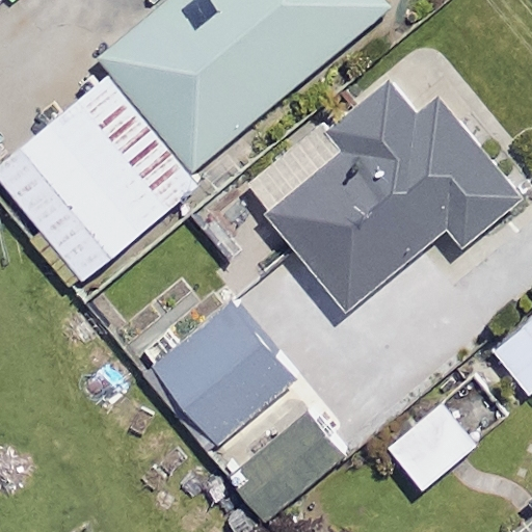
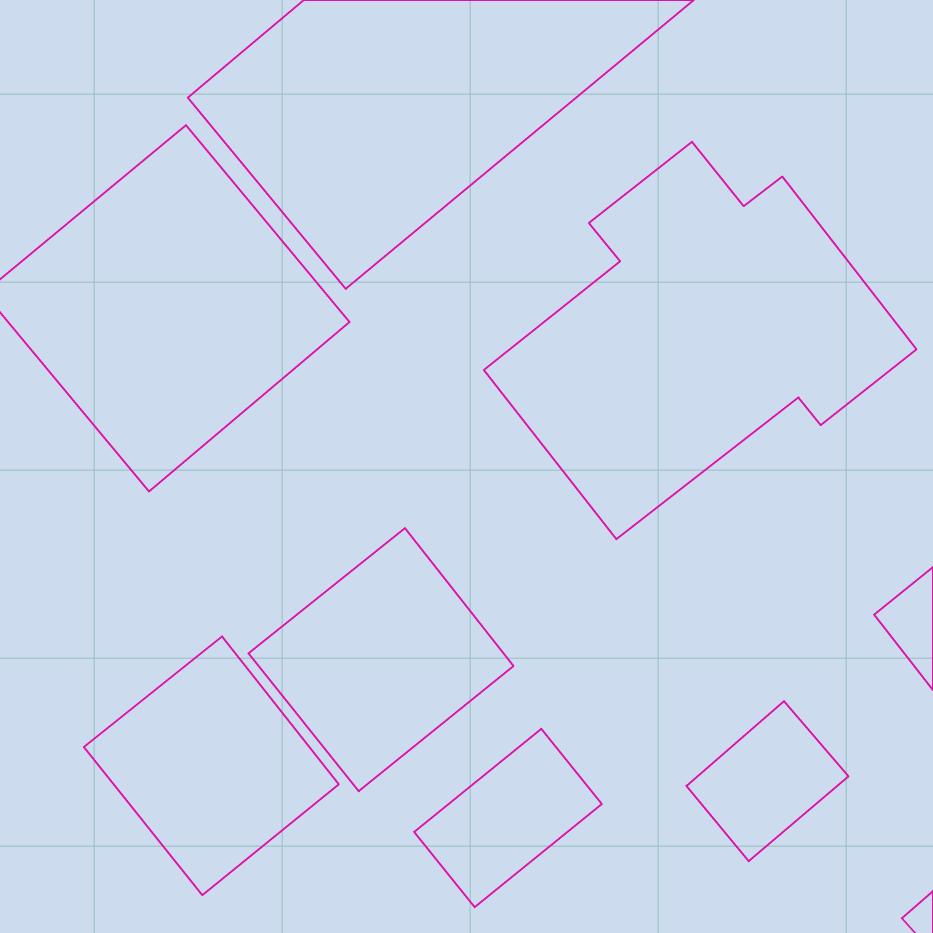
building: none -> [84,636,339,895]

